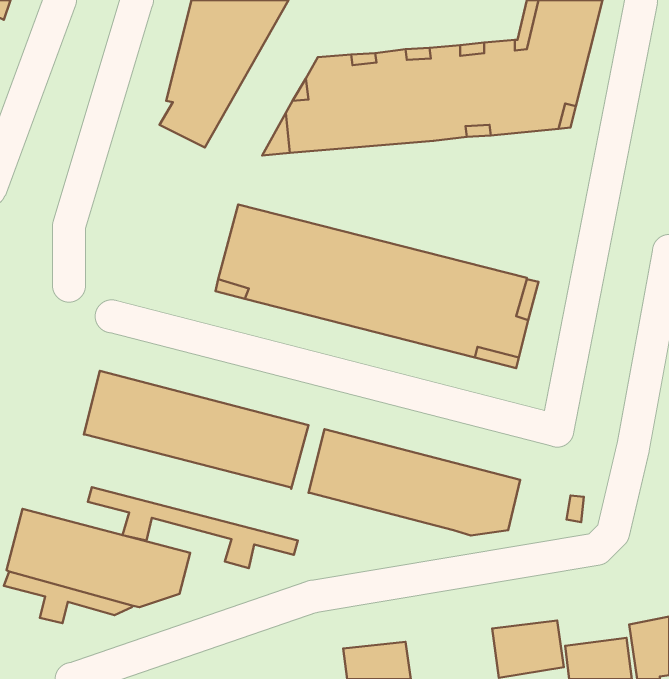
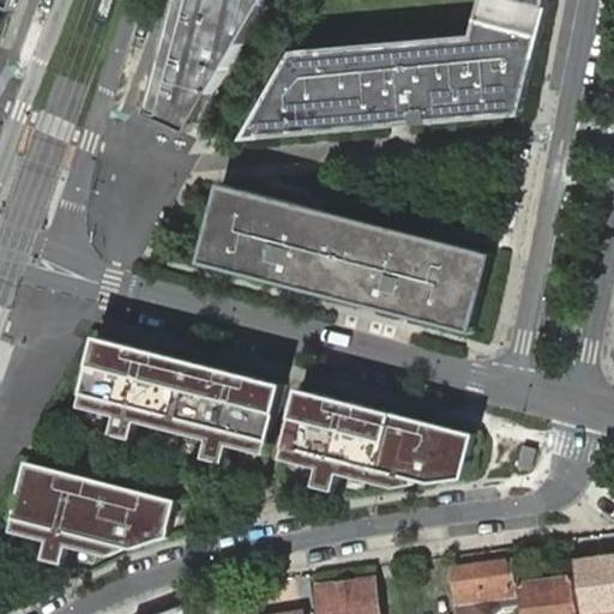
building: [88,487,298,568] -> [73,392,263,465]
building: none -> [276,445,409,493]

